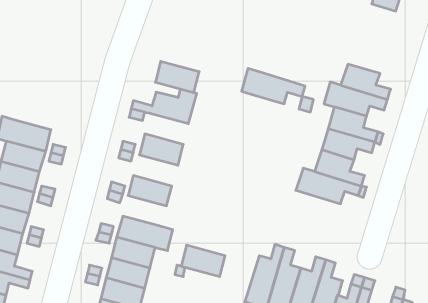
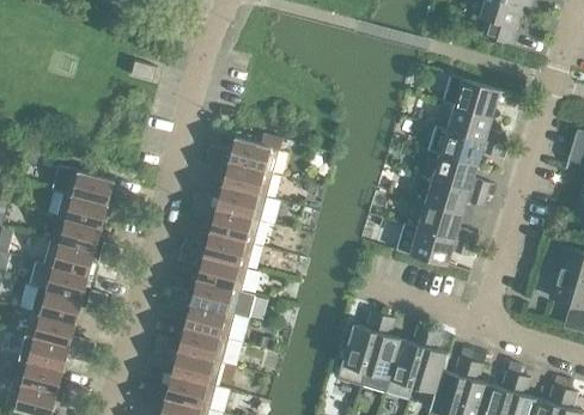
building: [155,61,199,93] -> [221,160,272,196]
building: [242,68,305,104] -> [443,74,516,115]
building: none -> [208,208,260,244]
building: [181,245,225,277] -> [196,255,247,291]

